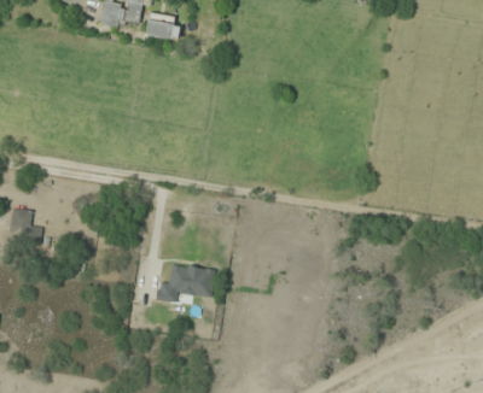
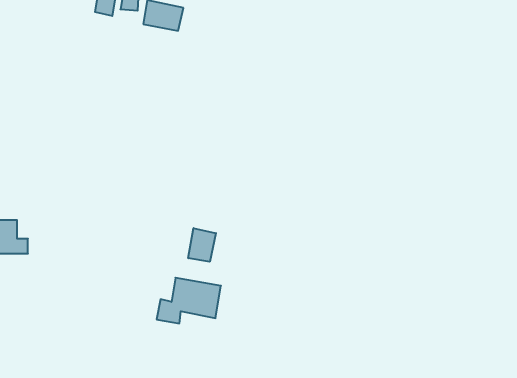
building: none -> [188,228,216,262]

